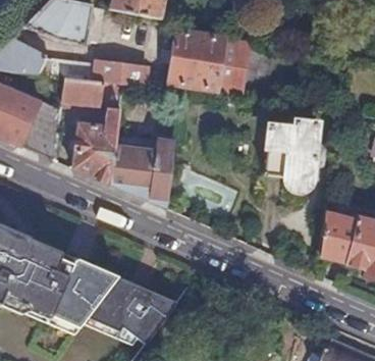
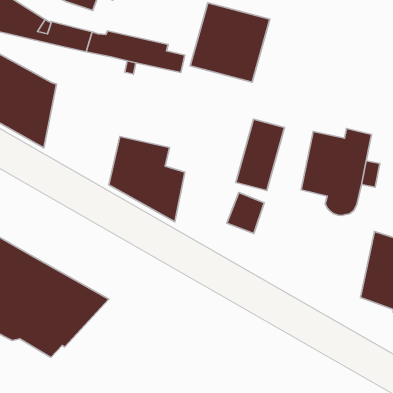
building: [217,39,252,95] -> [236,119,285,191]
building: [61,78,102,104] -> none
building: [73,109,119,185] -> none
building: [88,276,176,345] -> none

